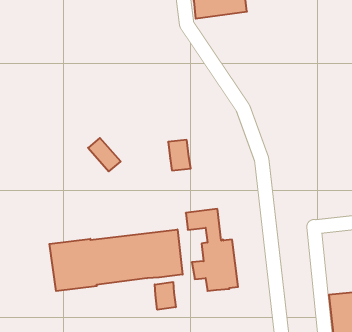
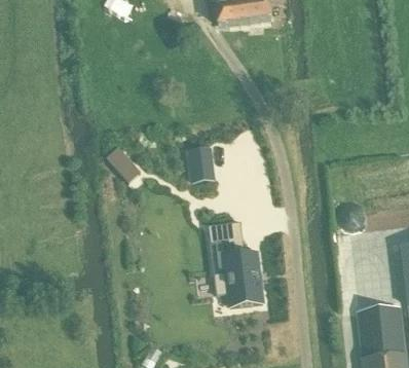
building: [49,229,183,291] -> none
building: [155,282,176,310] -> none

